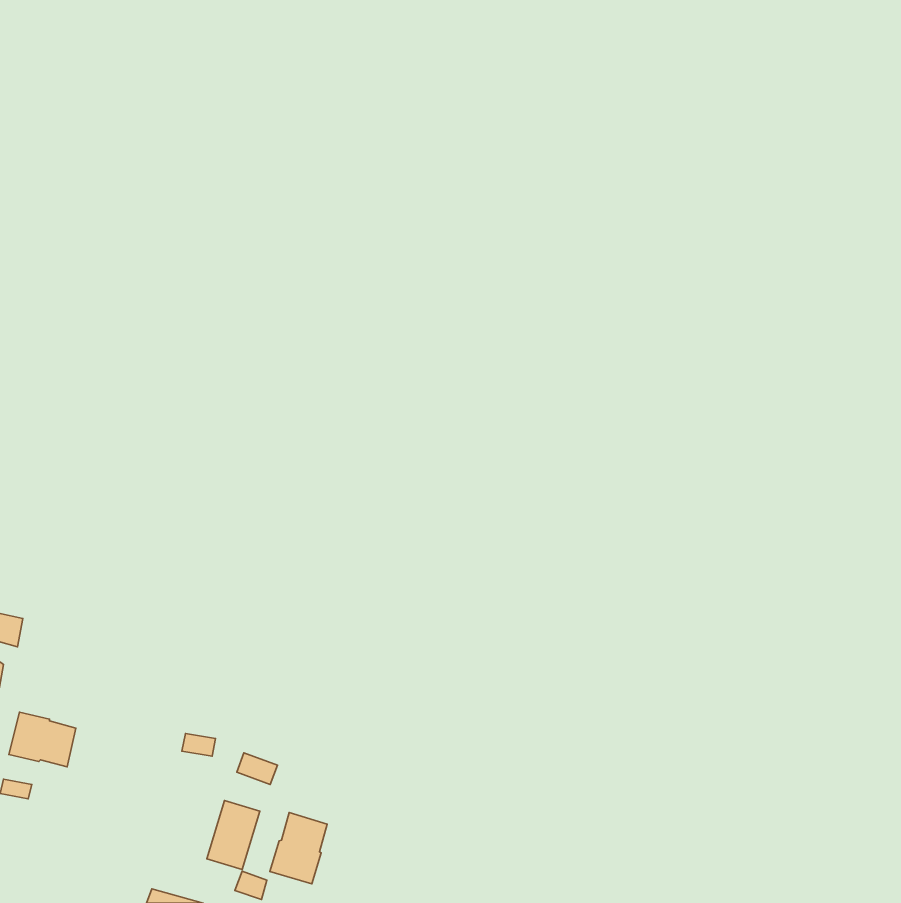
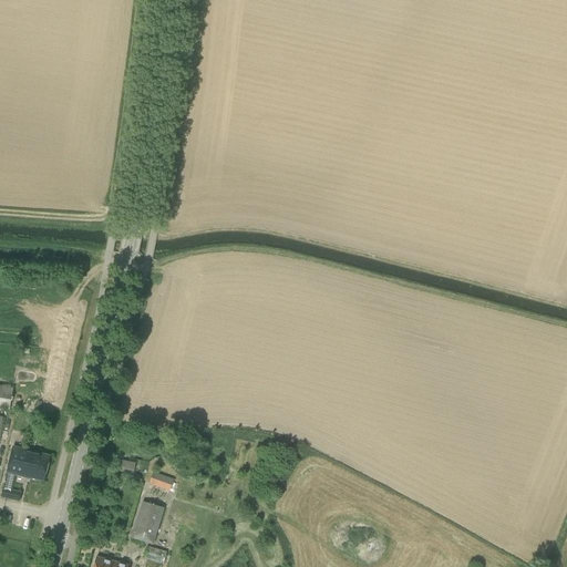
building: [270,812,327,884] -> none

